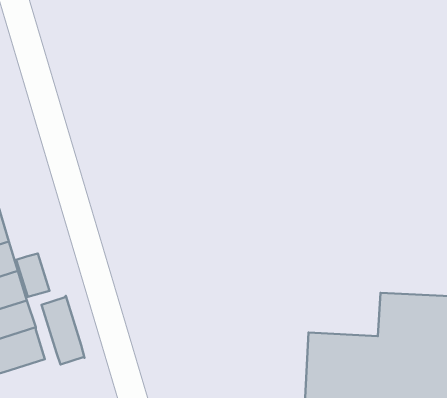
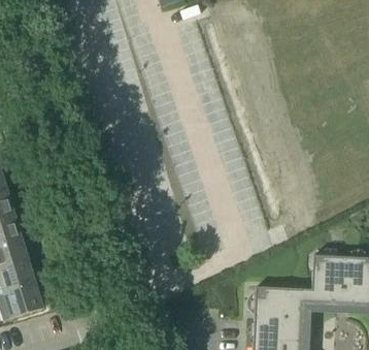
building: [16,254,49,297] -> none
building: [41,296,85,365] -> none

